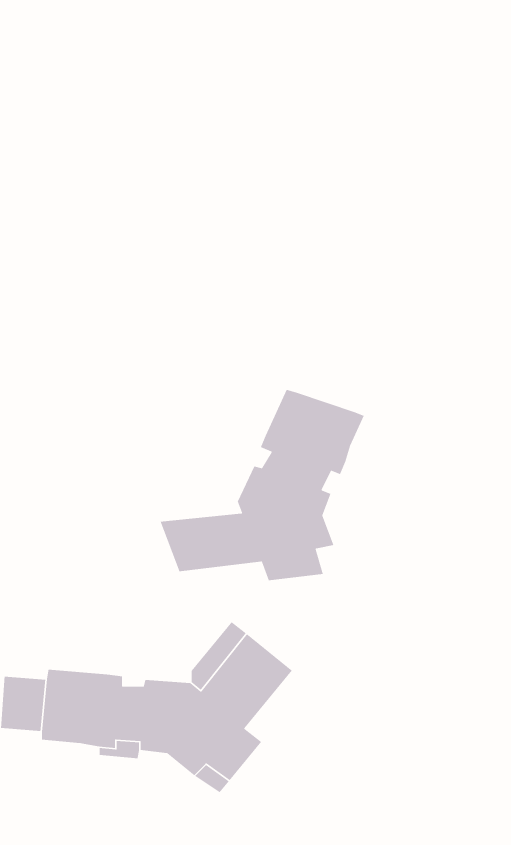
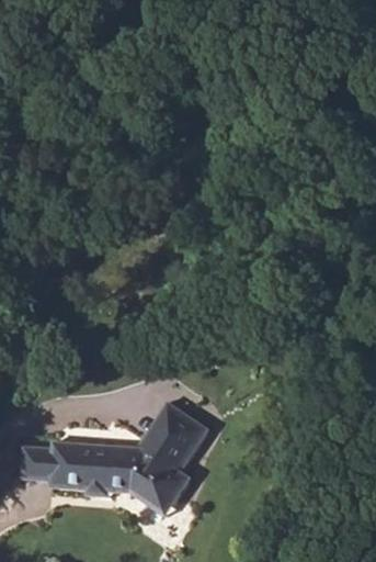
building: [160,389,365,581] -> none

